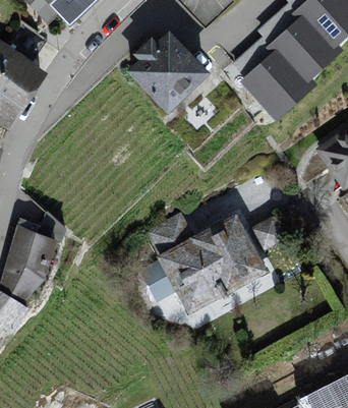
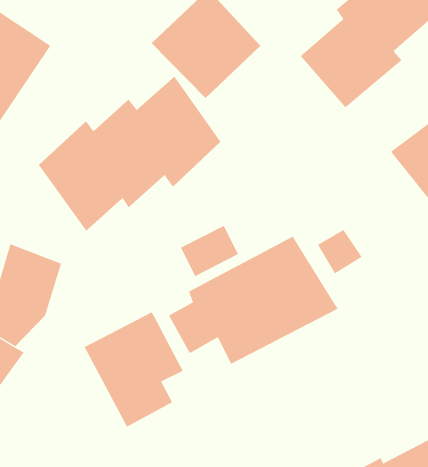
building: none -> [38,76,221,231]
building: none -> [84,311,184,427]

